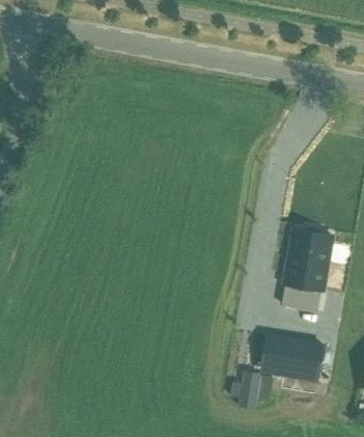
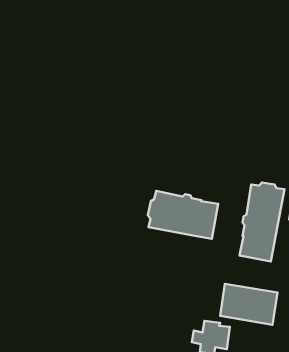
building: none -> [148,191,218,239]

